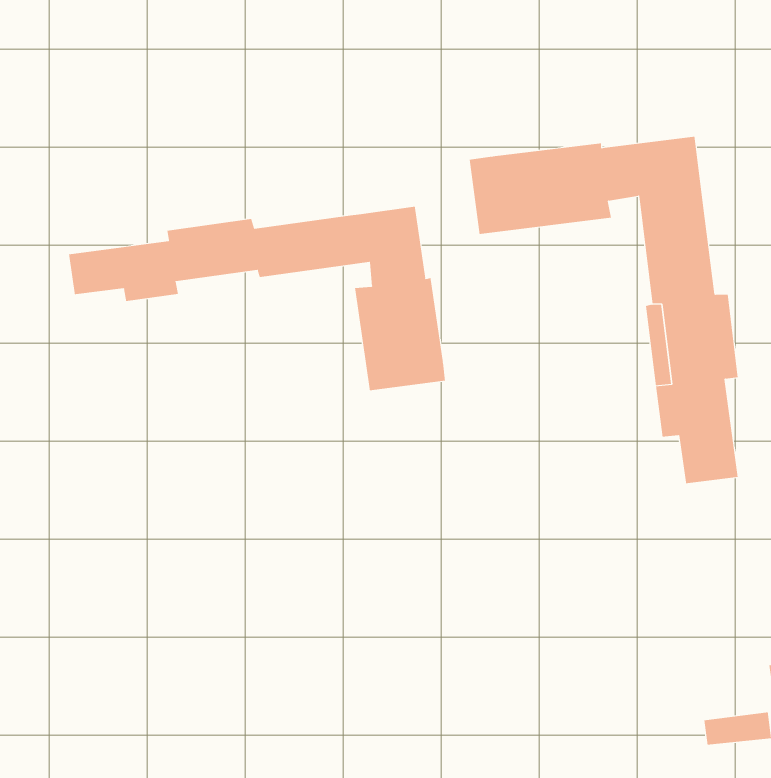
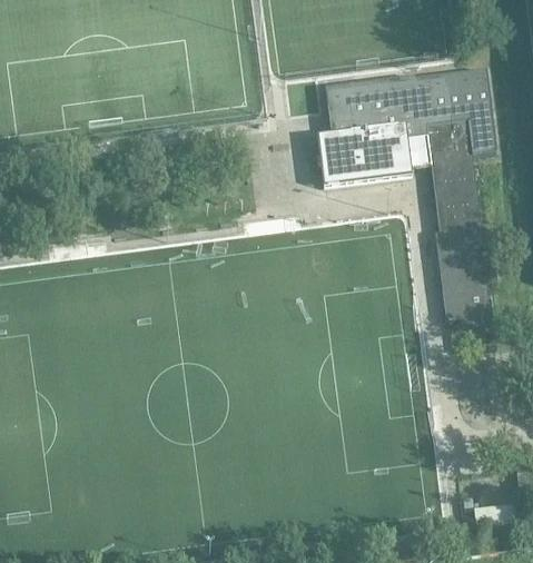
building: none -> [326,65,497,152]
building: [68,206,446,391] -> none

